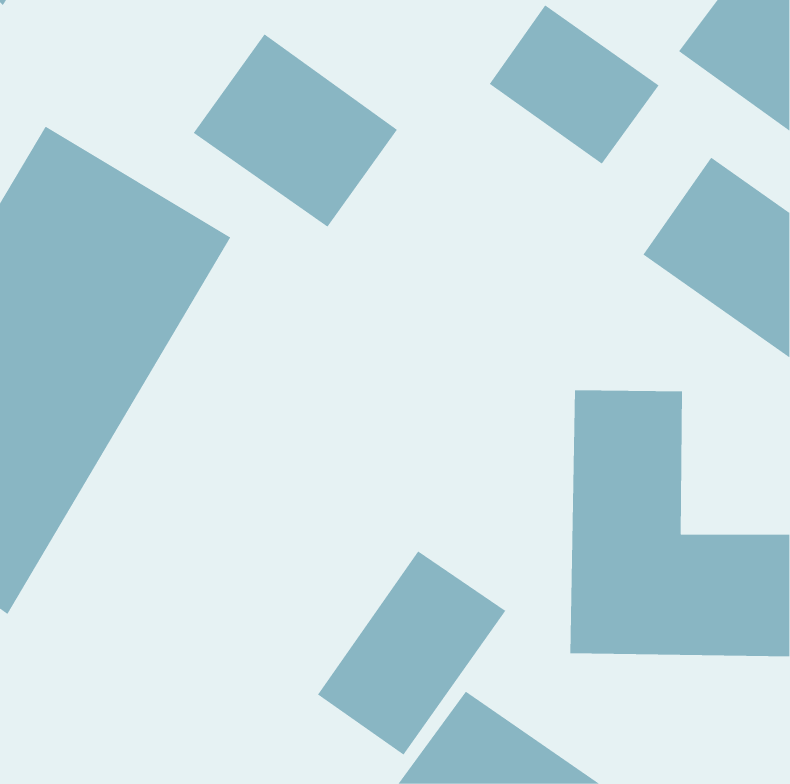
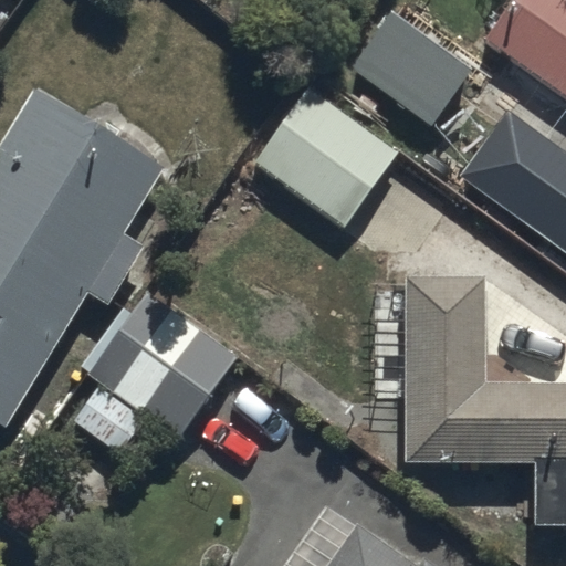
building: [193,34,398,228] -> [254,86,400,224]
building: none -> [82,291,244,453]
building: [317,551,506,756] -> none

